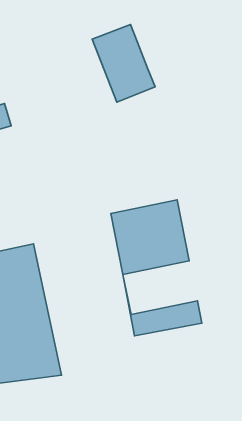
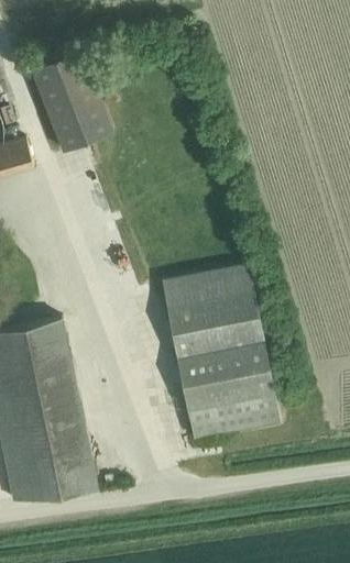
building: [92,25,155,102] -> [31,52,112,152]
building: none -> [177,342,274,411]

